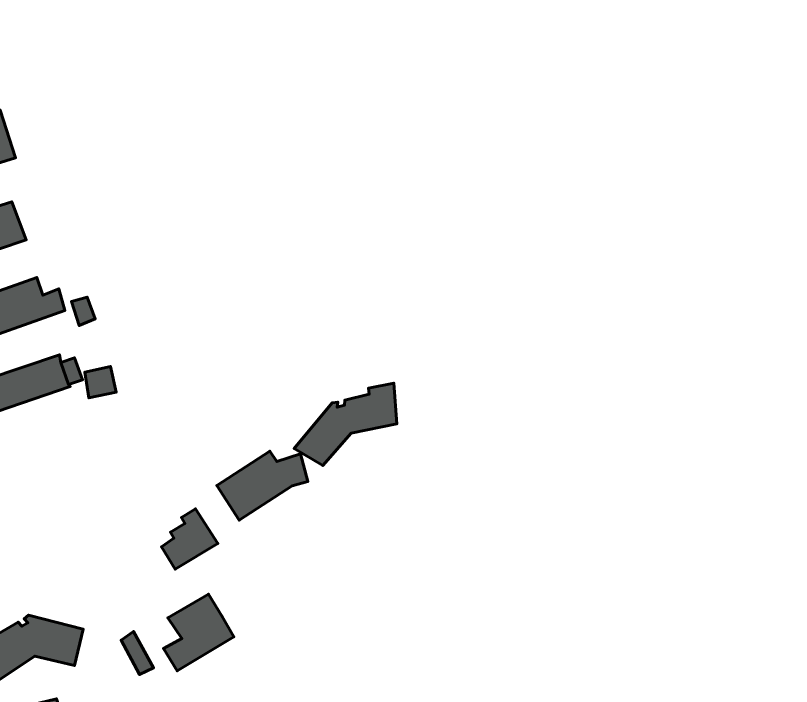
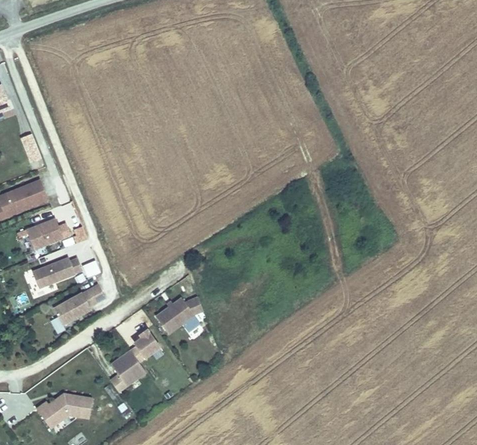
building: [294,383,397,465] -> none
building: none -> [55,284,107,323]
building: [163,594,234,671] -> [109,351,145,392]

